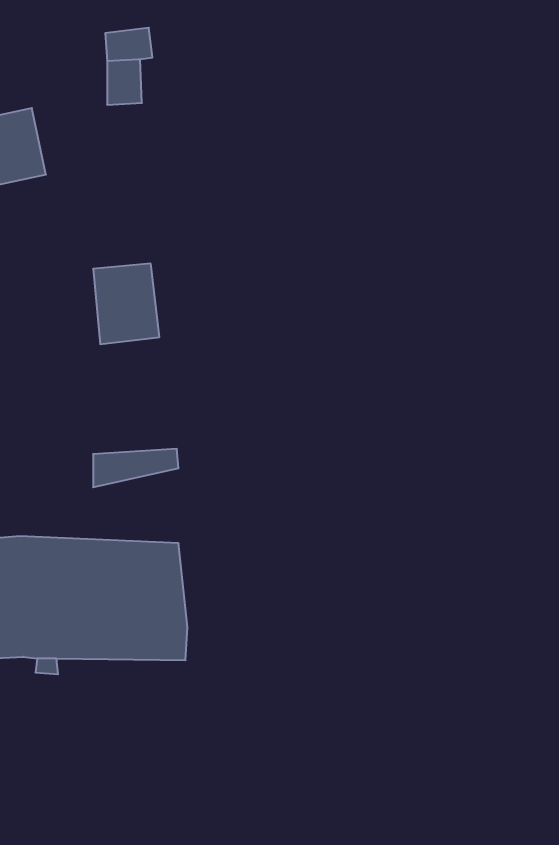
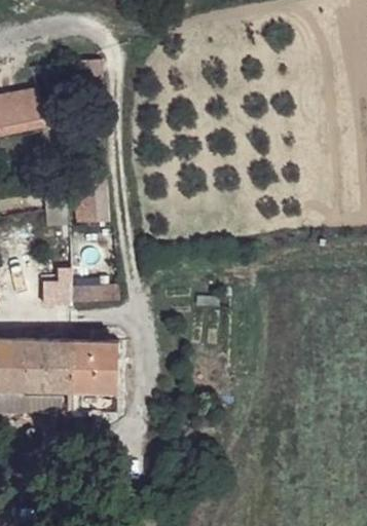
building: none -> [41,269,69,309]

